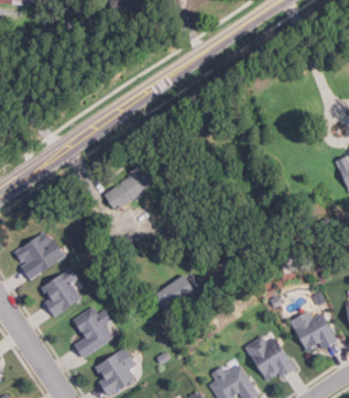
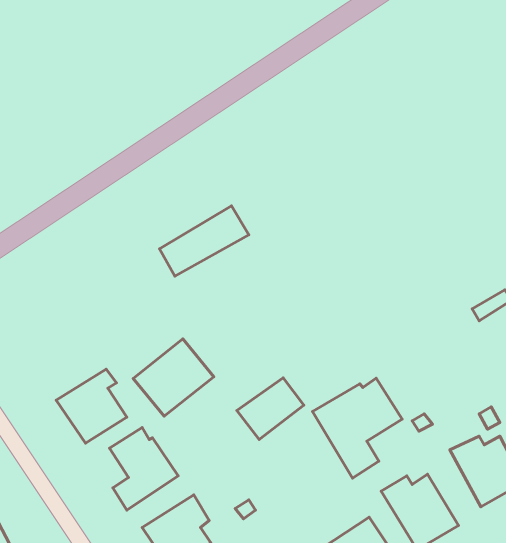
building: [12,230,64,279] -> [133,339,214,416]
building: none -> [312,378,402,478]

